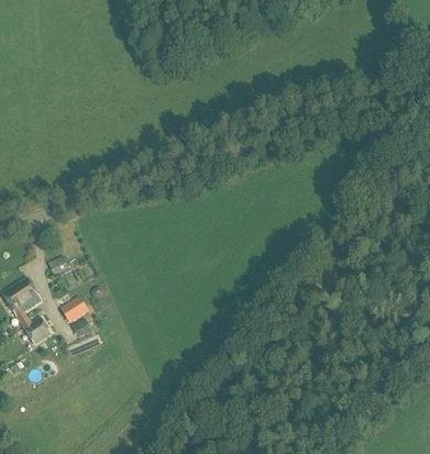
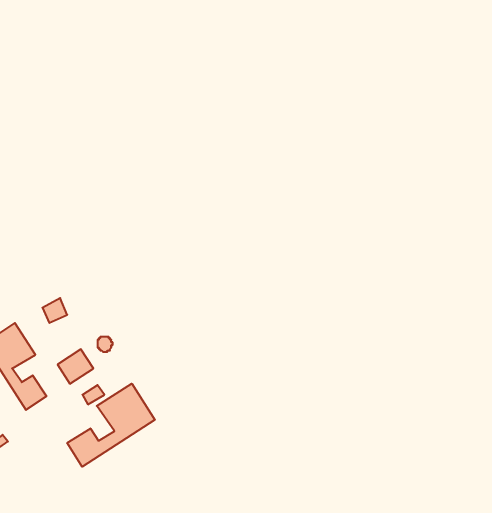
building: none -> [67,384,155,467]

